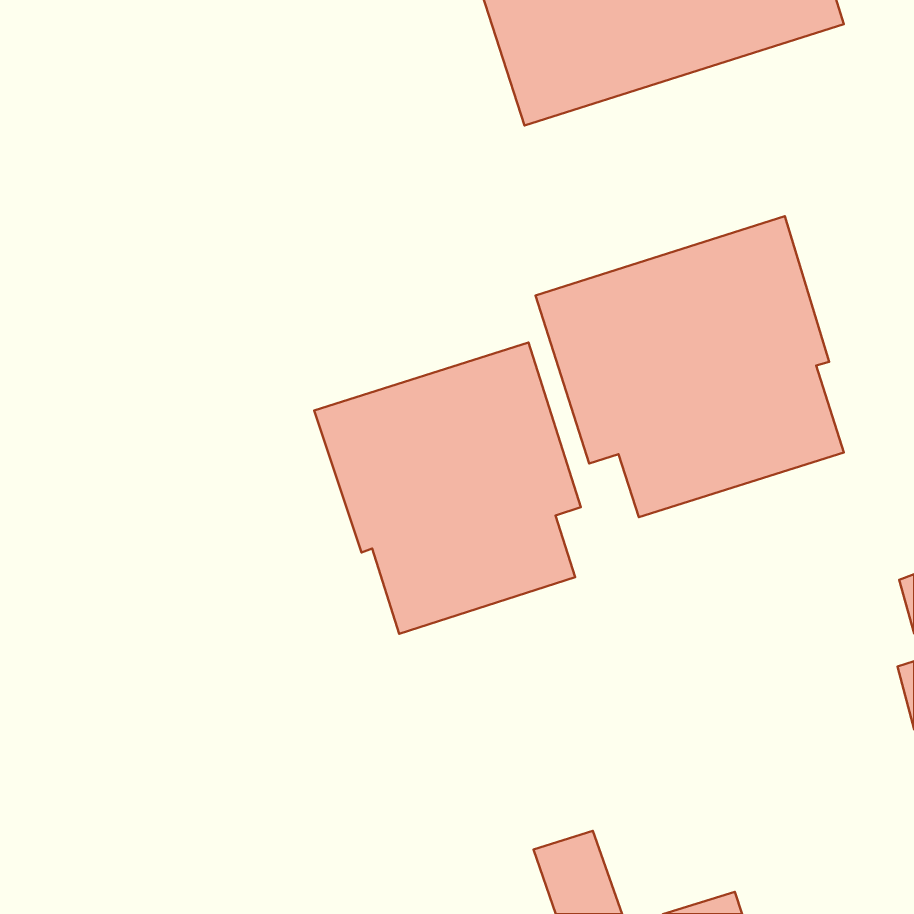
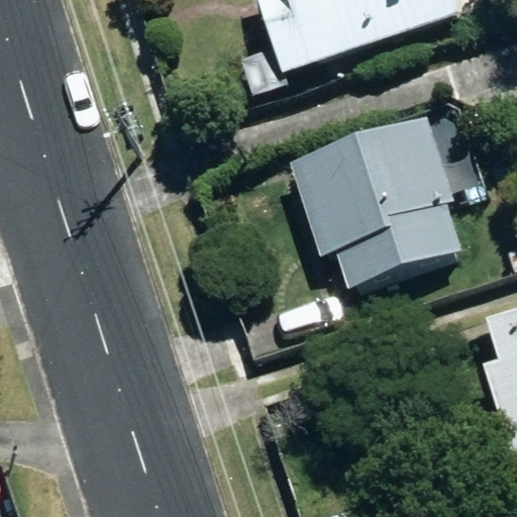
building: [314,342,581,634] -> none

